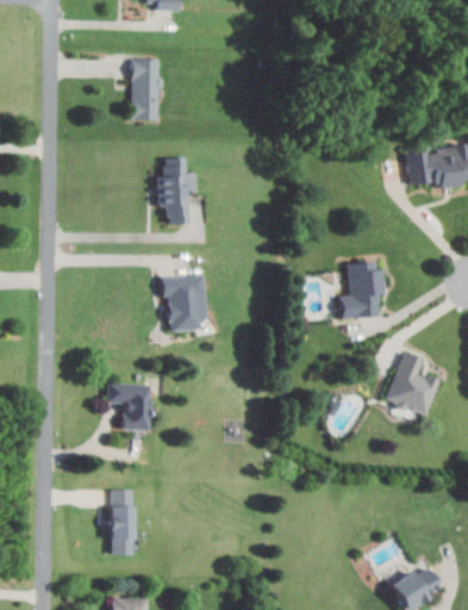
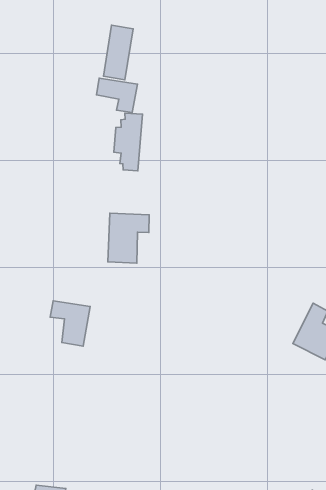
building: none -> [97,78,137,113]
building: [341,261,383,318] -> none
building: [111,491,132,554] -> none

